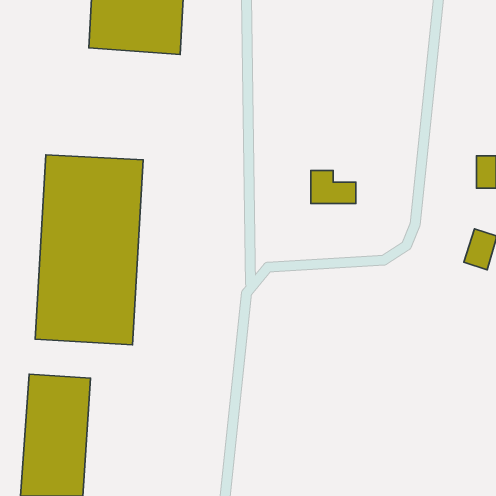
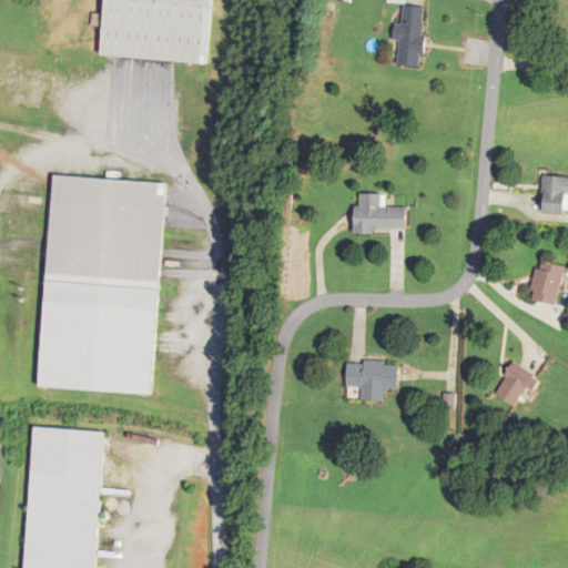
building: none -> [393,6,425,68]
building: none -> [346,359,398,400]
building: none -> [495,361,540,404]

